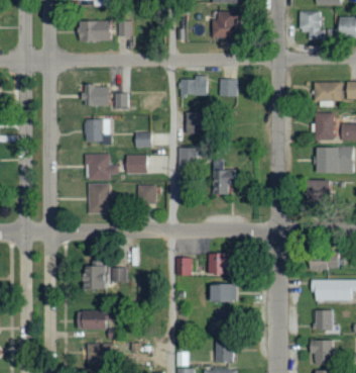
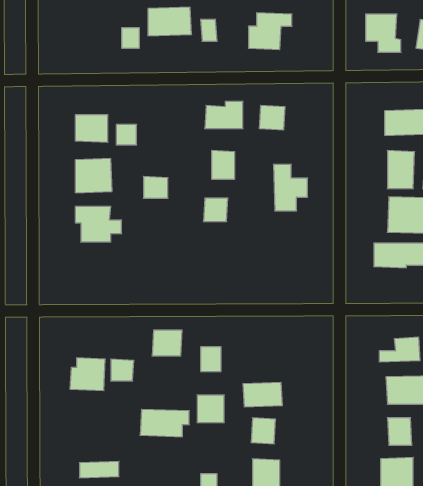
building: [79,20,111,41] -> [148,7,192,36]
building: [126,155,148,174] -> none
building: [211,160,236,194] -> [273,164,308,211]
building: [88,183,116,214] -> none
building: [136,185,158,204] -> [152,330,182,356]
building: [209,254,229,274] -> [197,395,224,422]
building: [77,310,113,331] -> [140,409,189,437]

